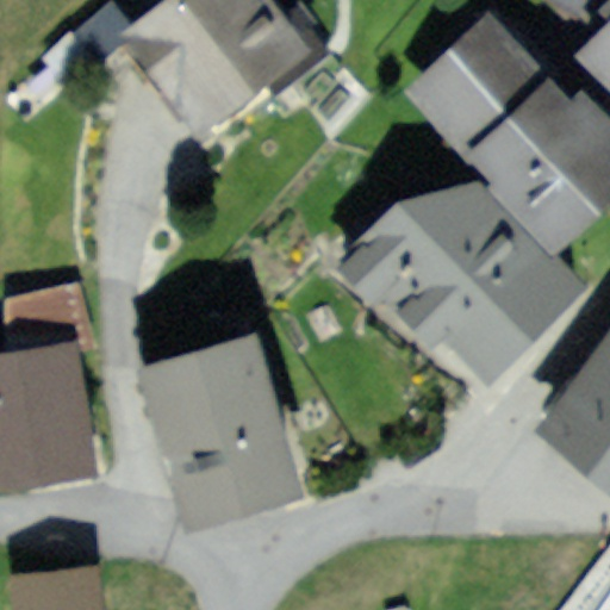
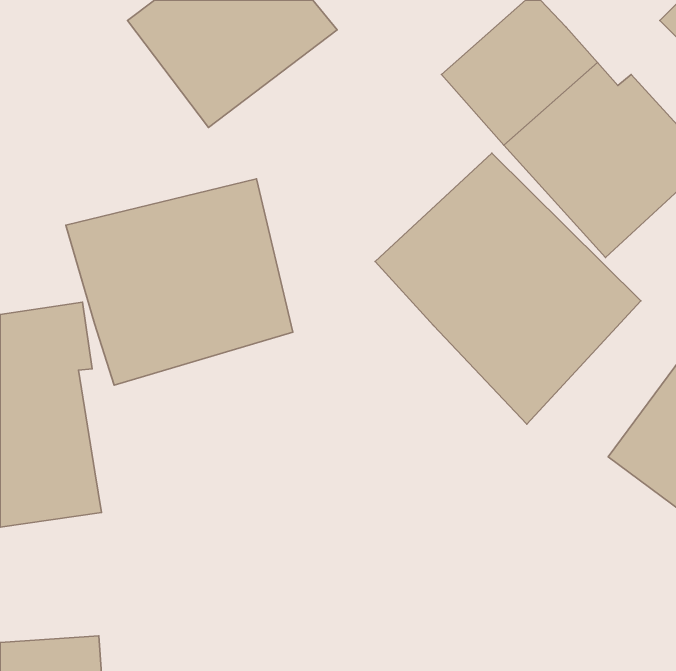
building: none -> [66,179,293,385]
building: [147,335,303,527] -> none

